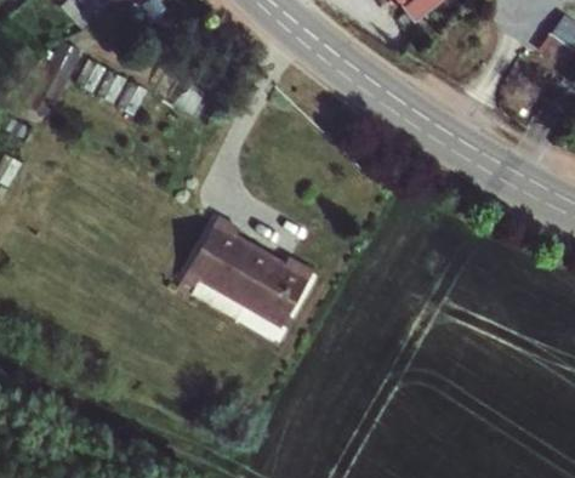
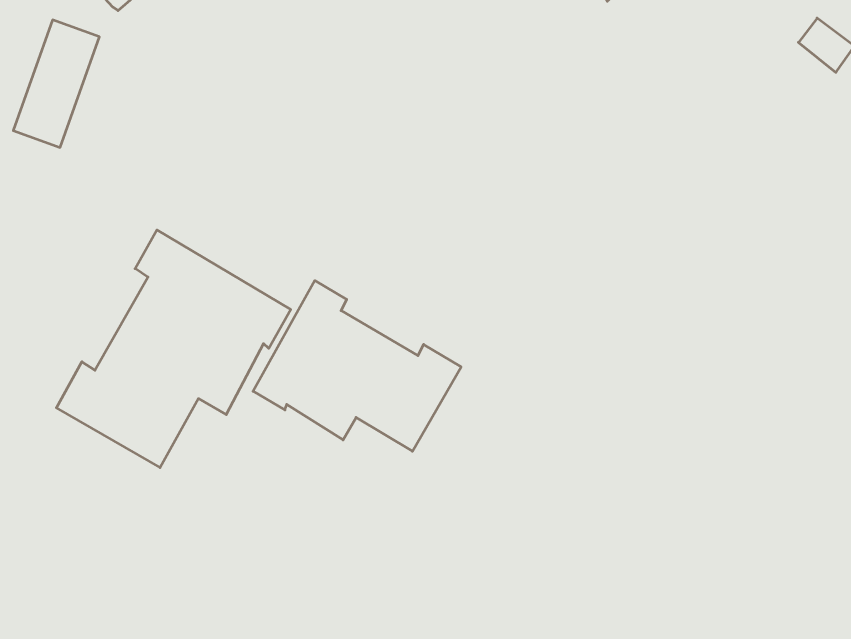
building: none -> [56,230,291,468]

